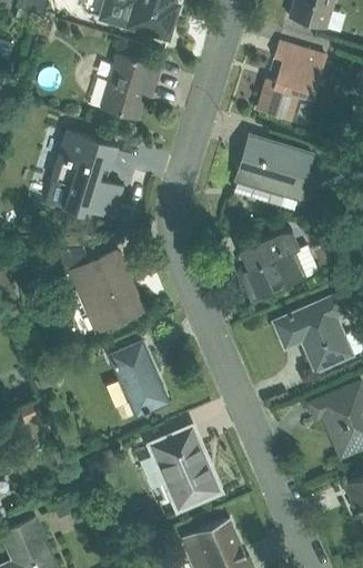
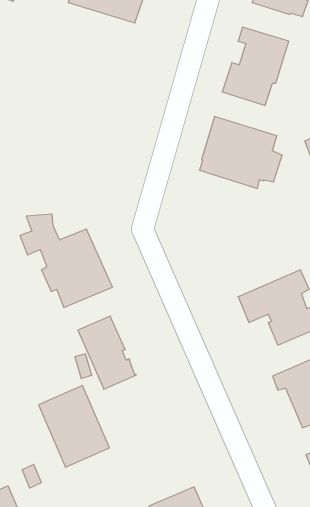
building: [100,52,160,119] -> none
building: [44,130,123,217] -> none
building: [239,231,319,301] -> none
building: [148,427,221,511] -> [39,386,109,467]

